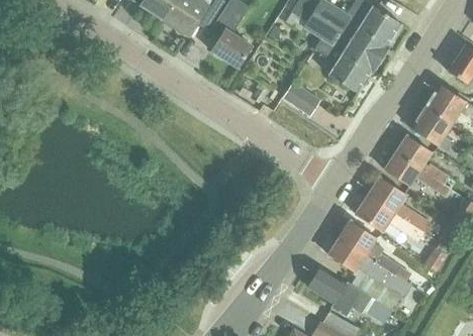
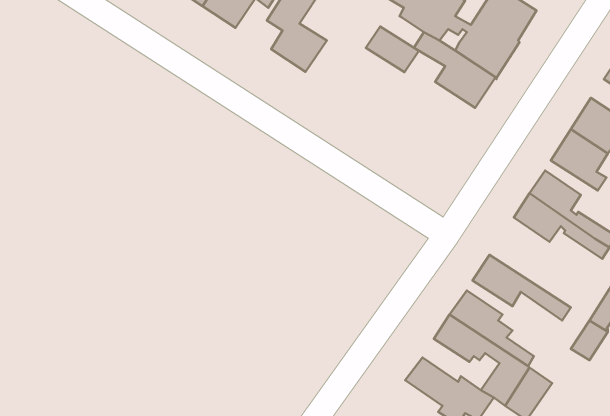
building: [282,82,319,114] -> [366,27,419,72]
building: [367,178,430,233] -> none

